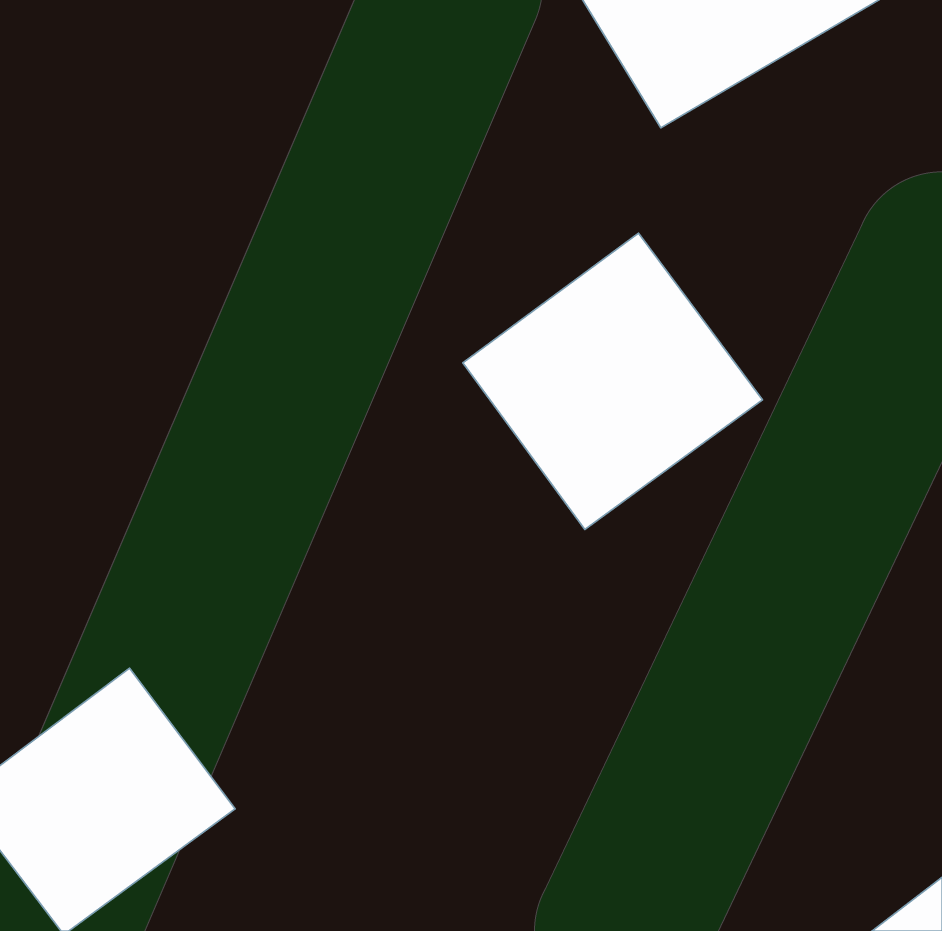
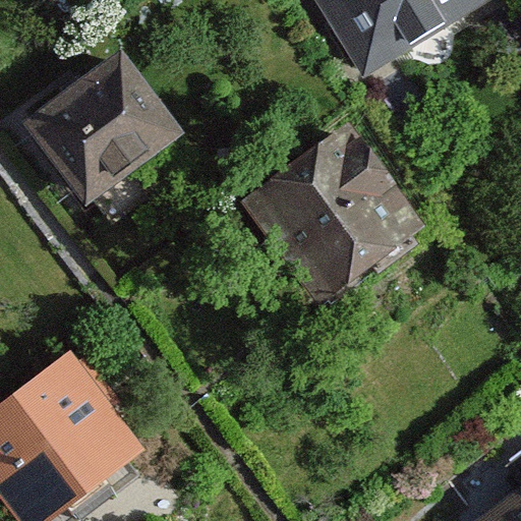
building: none -> [37,61,175,196]

